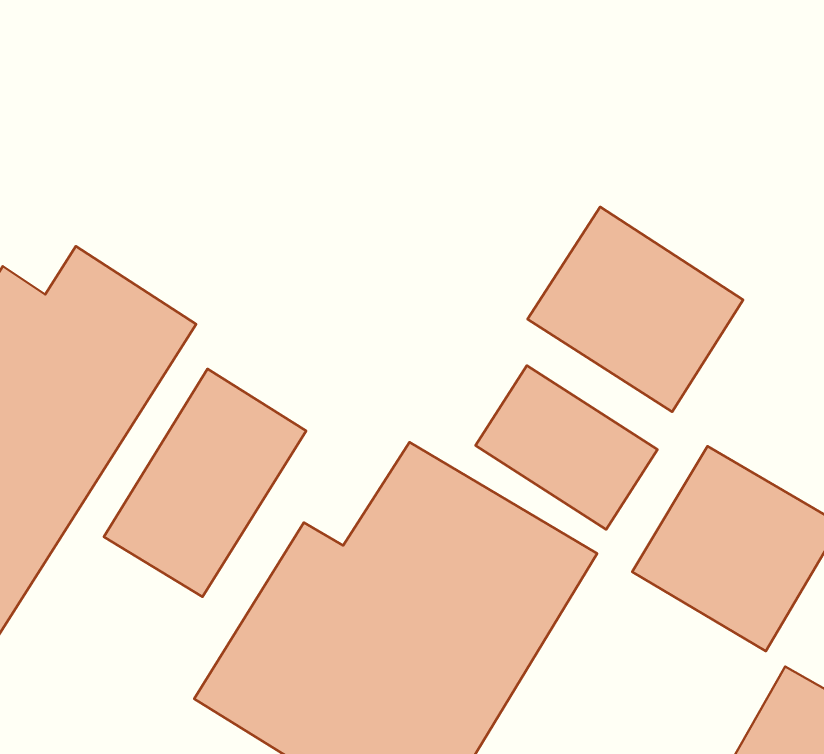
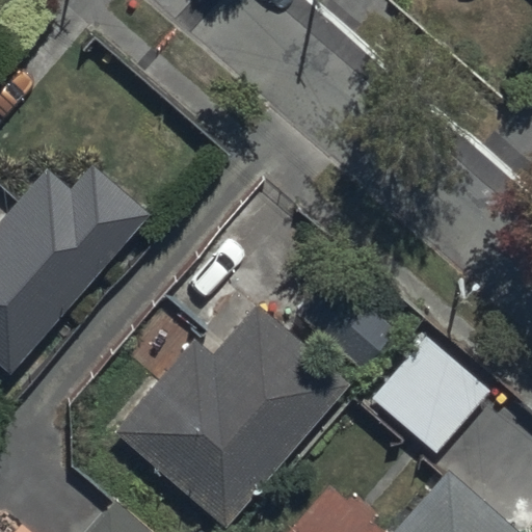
building: [528,207,743,412] -> none
building: [104,369,306,597] -> none

